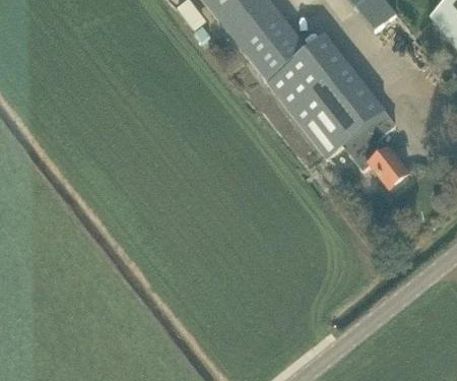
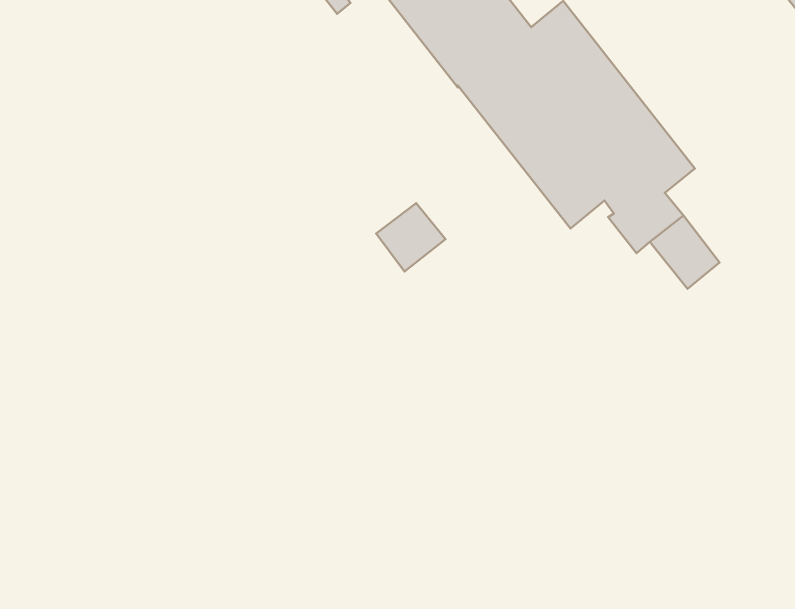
building: none -> [376,203,446,271]

